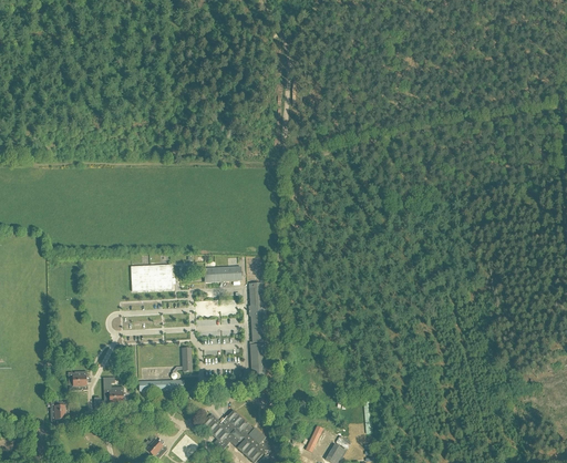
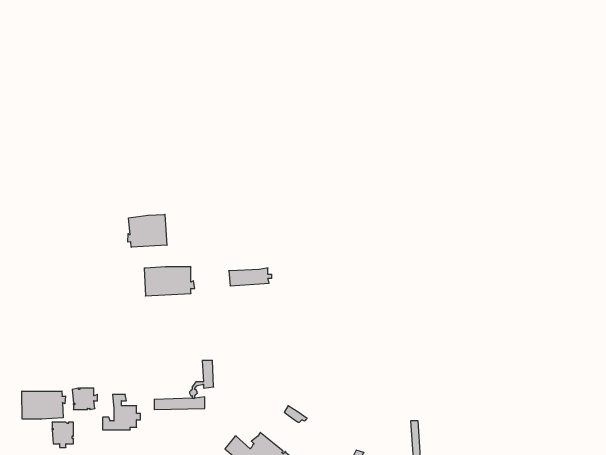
building: none -> [128,214,167,247]
building: [249,282,267,379] -> none
building: none -> [22,391,65,419]

